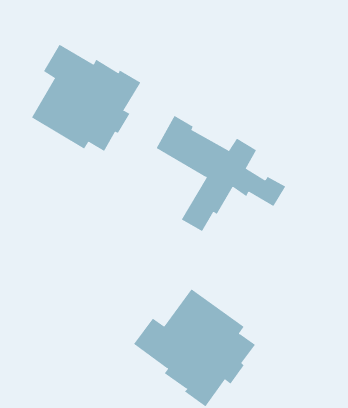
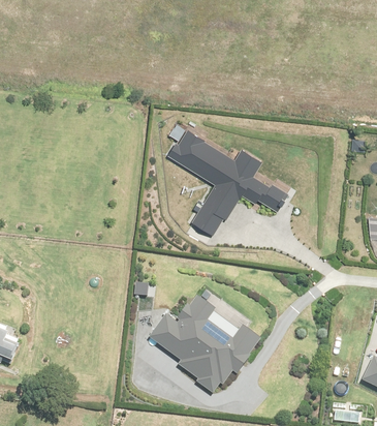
building: [31,44,141,152] -> none

